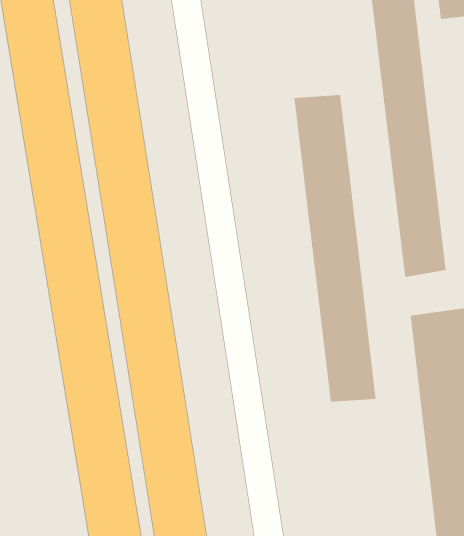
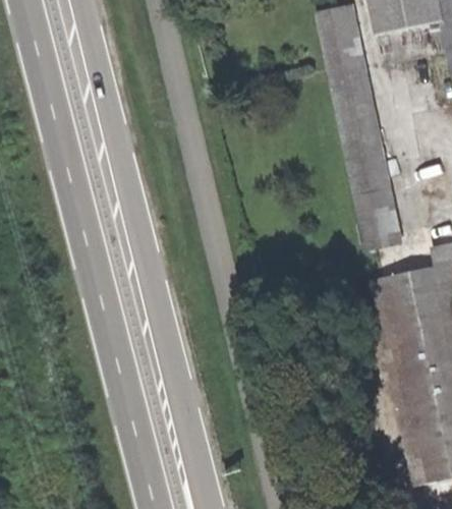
building: [294,94,376,402] -> none

